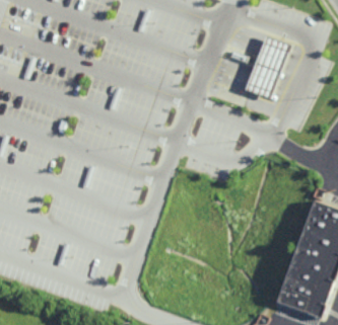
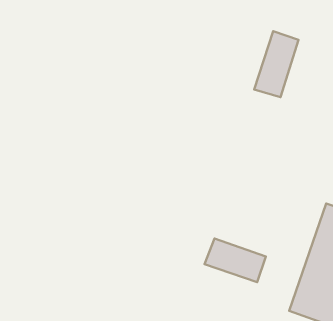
building: none -> [205,238,266,282]

